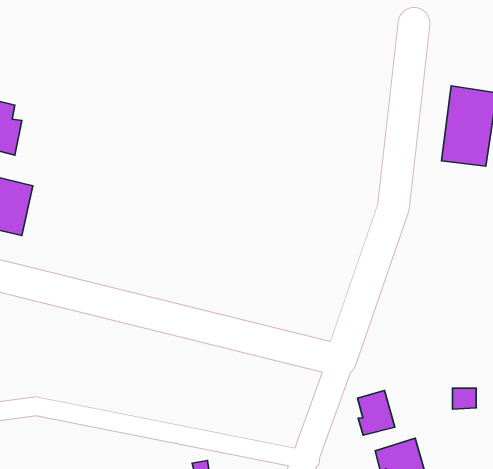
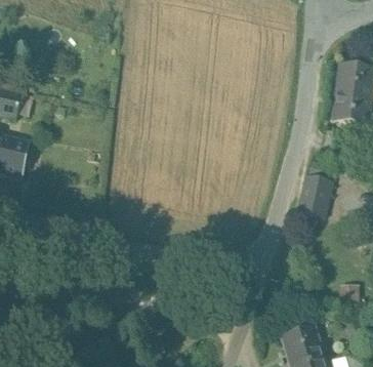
building: none -> [296,176,331,218]
building: [358,390,395,435] -> none

